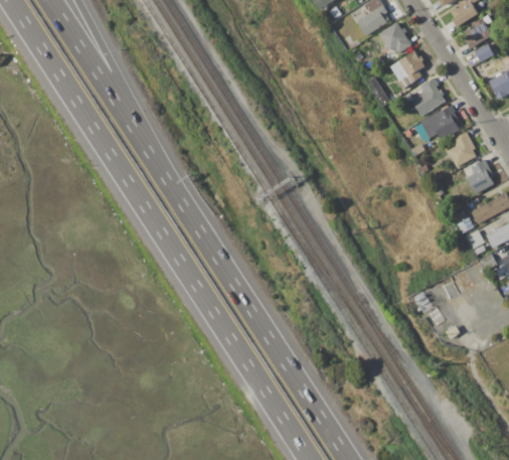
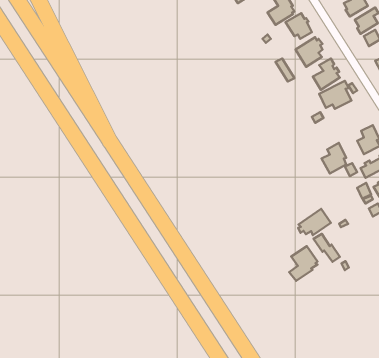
building: [446,131,476,168] -> [322,143,346,173]
building: none -> [298,209,331,235]
building: none -> [289,246,317,281]

